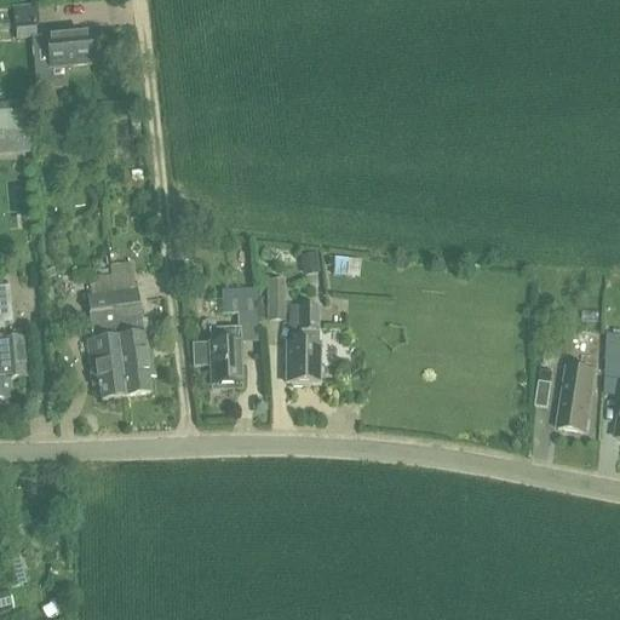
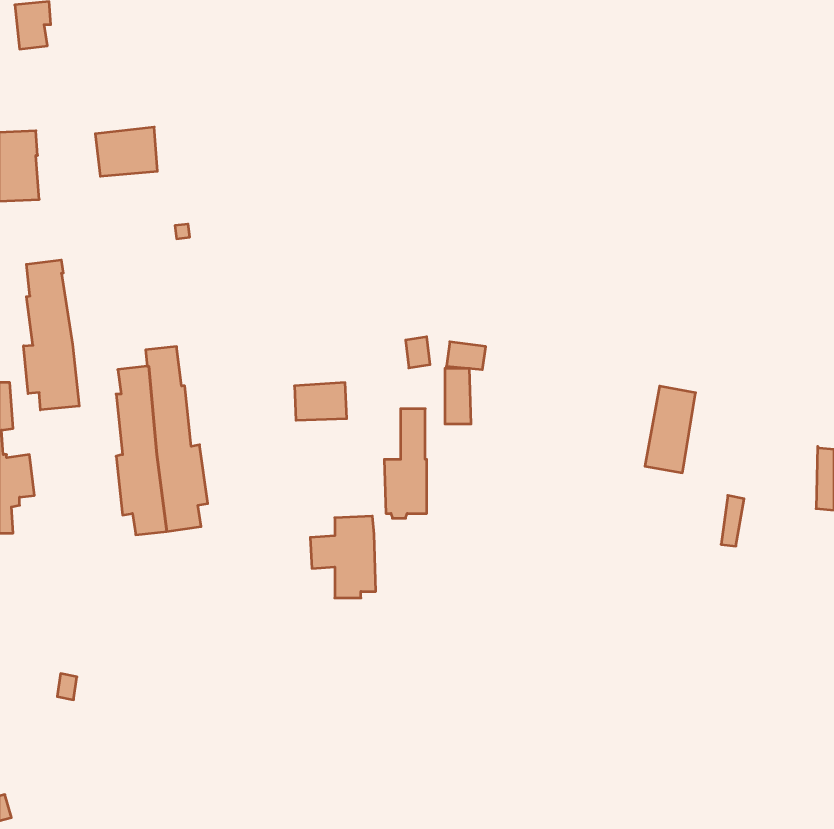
building: [45,28,91,64] -> [95,127,157,176]
building: none -> [24,260,79,410]
building: [265,276,285,317] -> [445,368,471,424]
building: [191,326,240,386] -> [310,516,376,598]
building: [557,366,595,430] -> [645,386,696,473]

